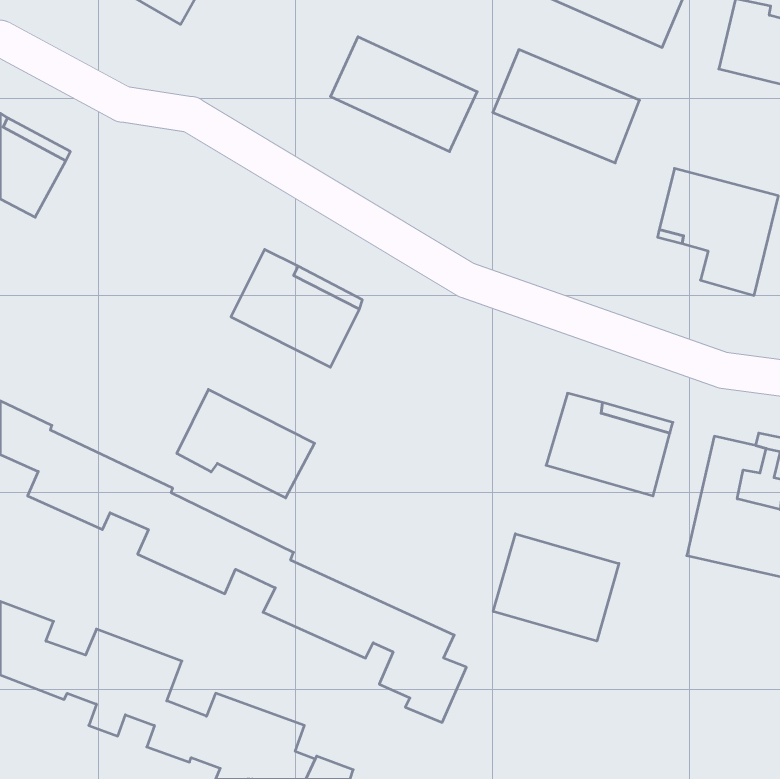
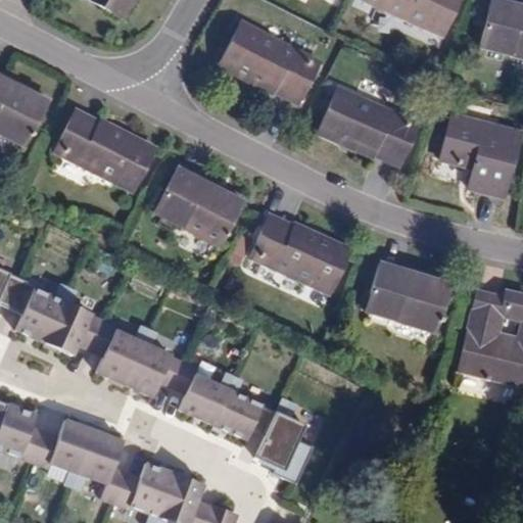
building: [493,50,640,163] -> [320,89,418,164]
building: none -> [55,110,153,190]
building: none -> [250,216,348,292]
building: [177,389,315,498] -> none
building: [493,534,619,641] -> none

